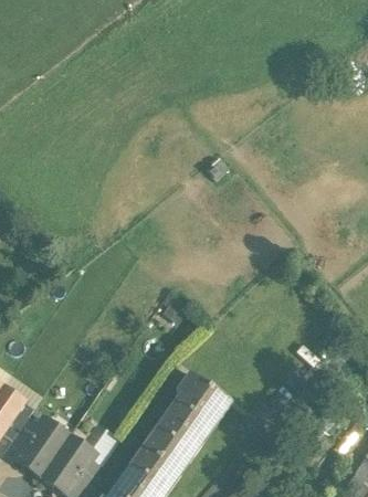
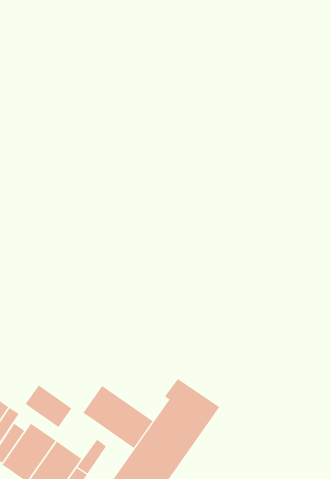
building: none -> [25,385,72,428]
building: none -> [83,385,153,449]

